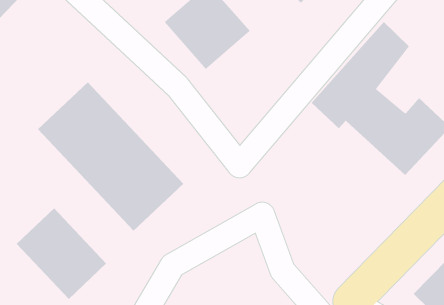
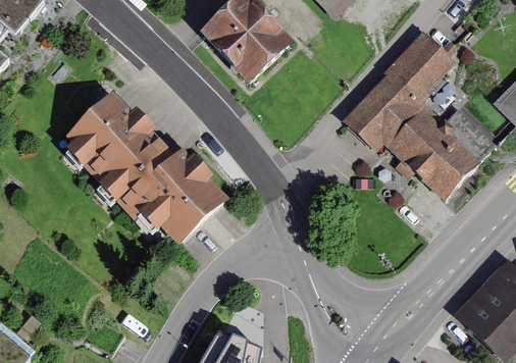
building: [16,207,107,300] -> none

